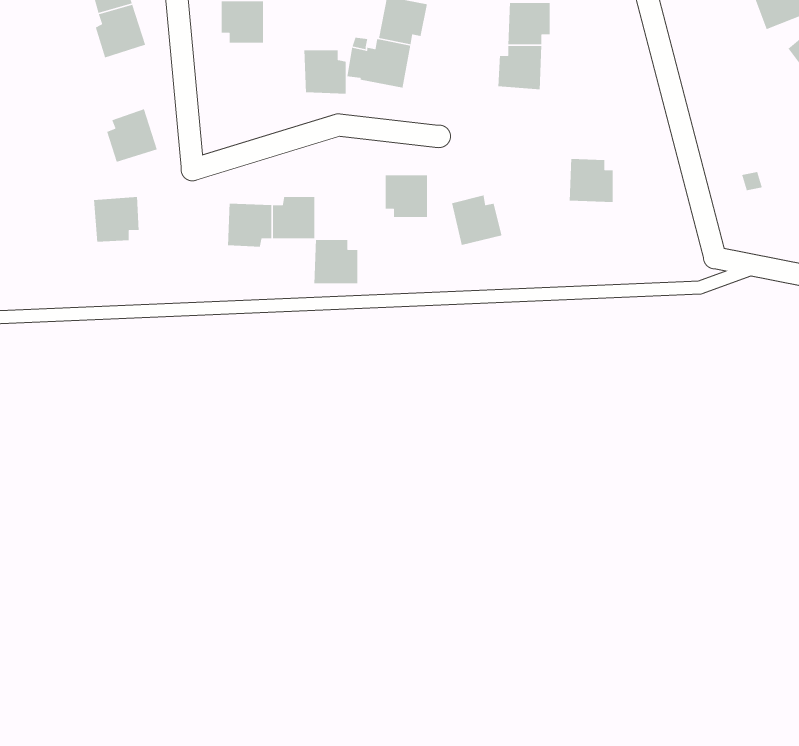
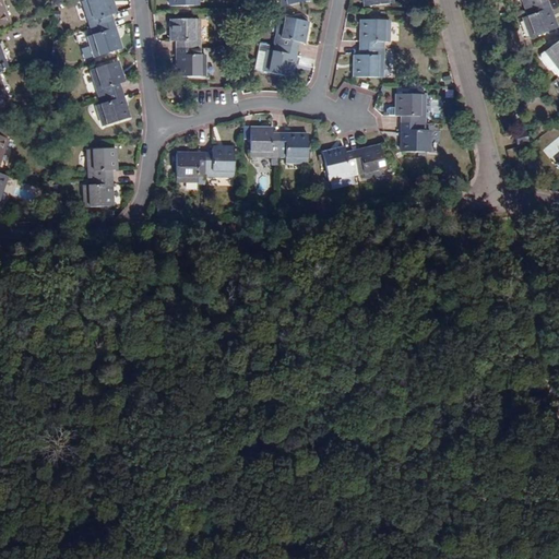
building: [304,50,347,94] -> [177,47,205,76]
building: none -> [91,60,126,97]
building: none -> [396,94,425,123]
building: none -> [352,145,386,177]
building: [314,239,358,284] -> [250,127,280,156]
building: none -> [83,177,114,206]

